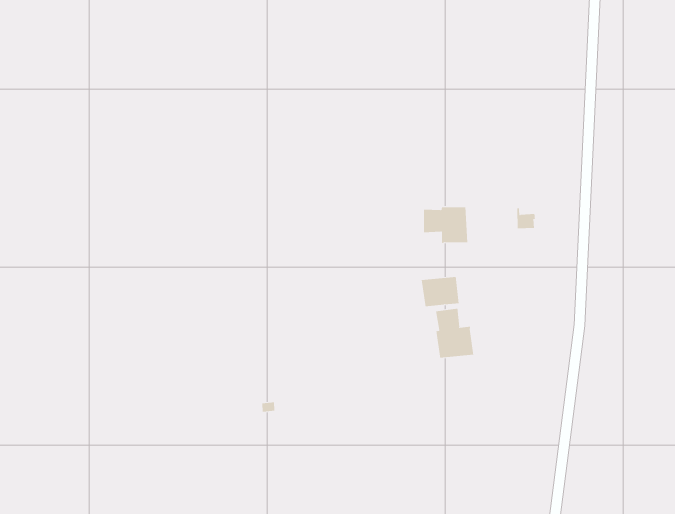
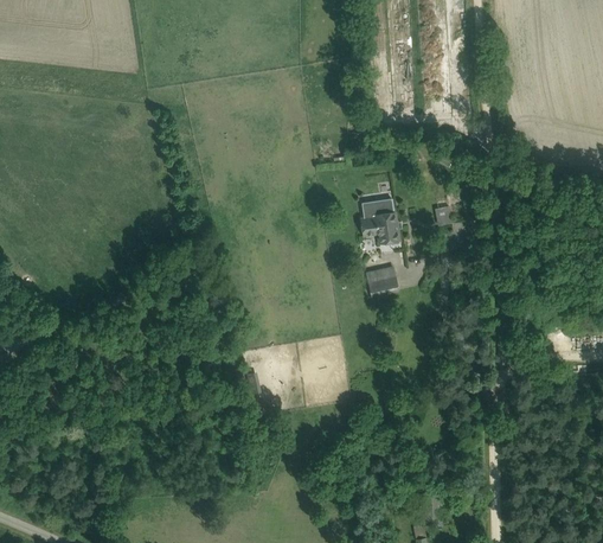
building: [435,308,474,358] -> none

